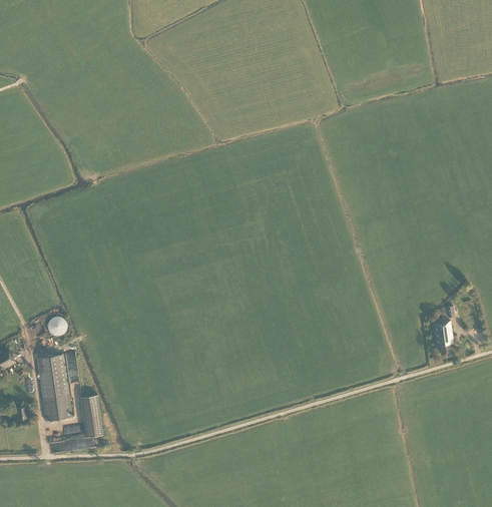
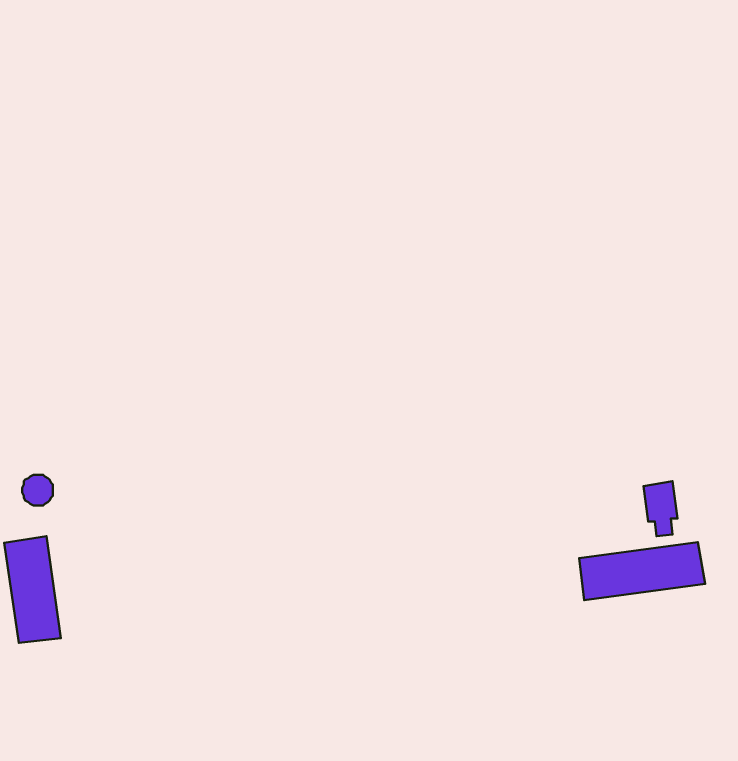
building: none -> [579,542,705,600]
building: [79,395,102,437] -> none

